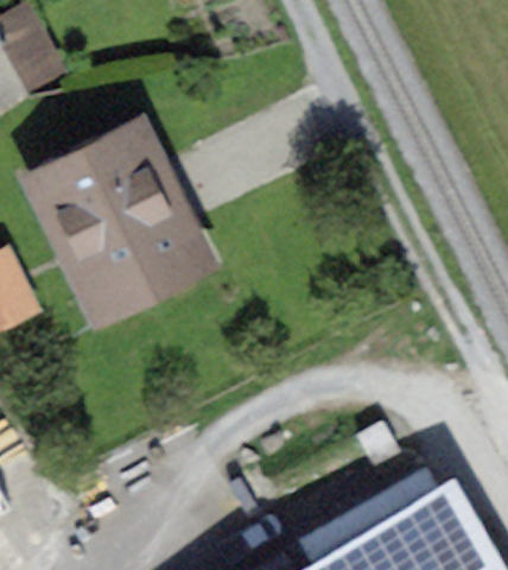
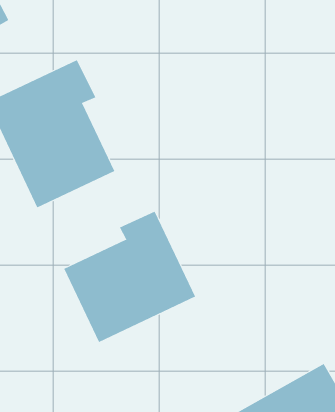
building: none -> [63,211,196,343]

